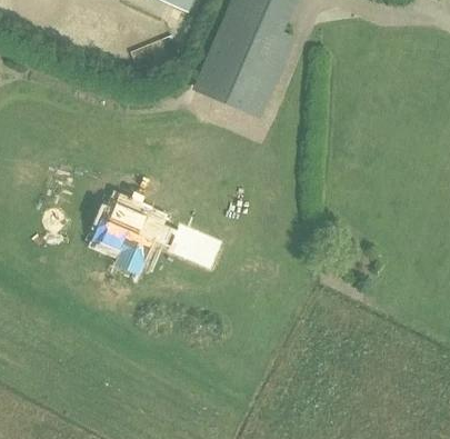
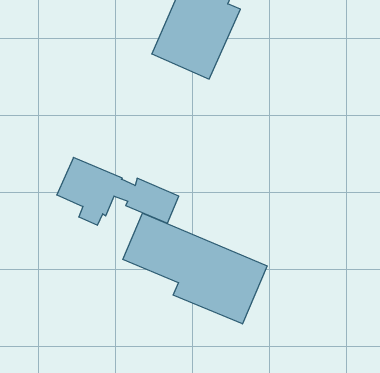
building: none -> [123,213,267,324]

